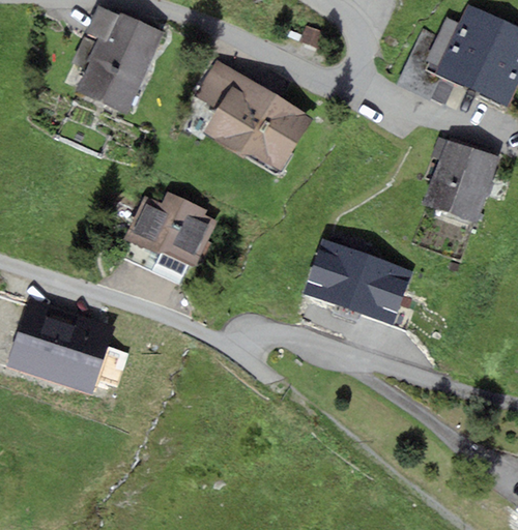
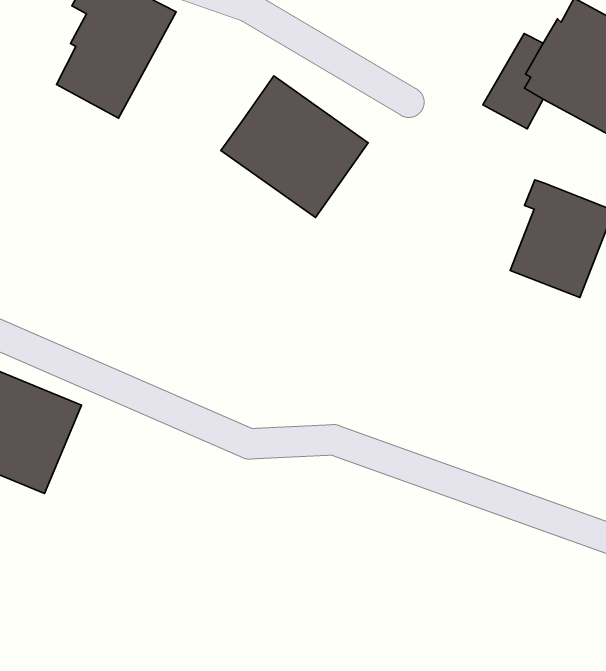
building: [195,59,239,110] -> none
building: [124,192,217,266] -> none
building: [301,237,412,325] -> none

